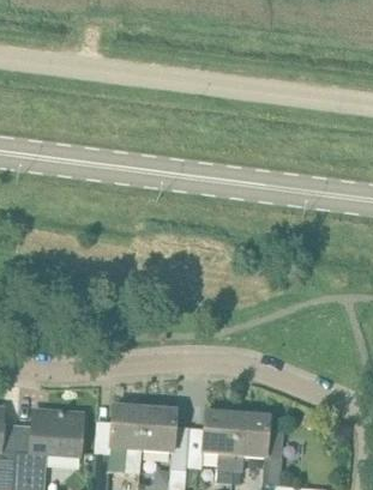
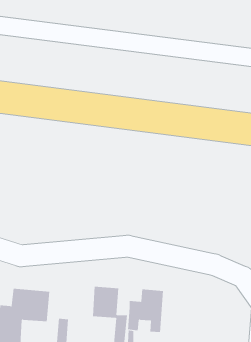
building: [110,404,143,470] -> none
building: [233,412,283,470] -> none

